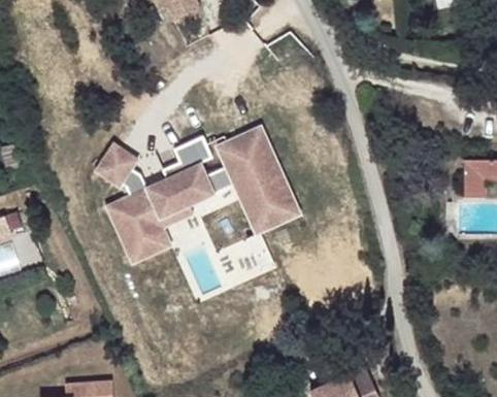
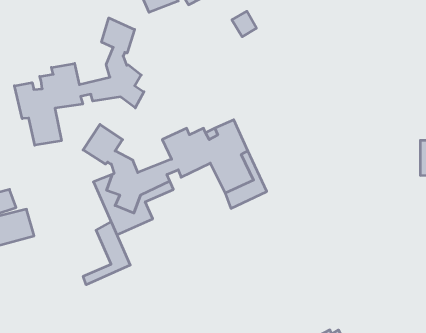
building: none -> [14,18,144,145]
building: none -> [83,222,130,285]

